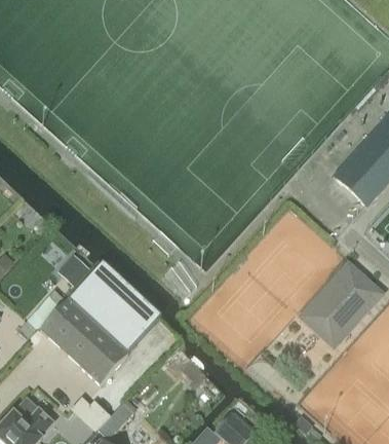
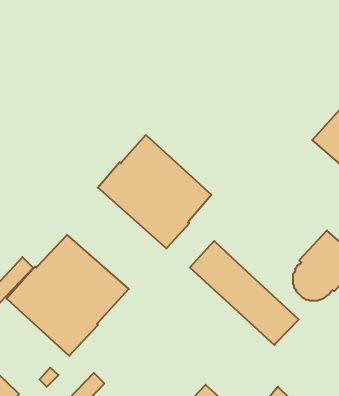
building: none -> [98,135,211,249]
building: none -> [190,241,299,345]

